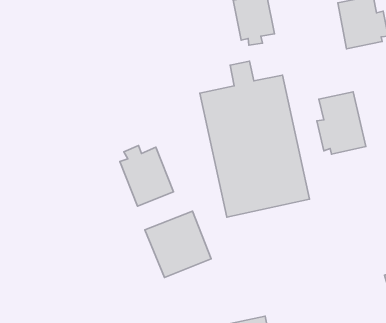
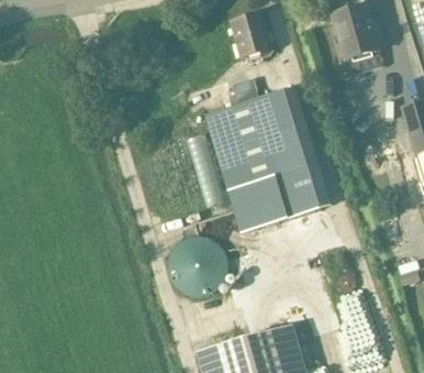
building: [317,92,366,154] -> none
building: [120,146,173,206] -> none

